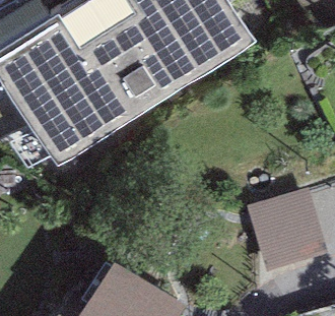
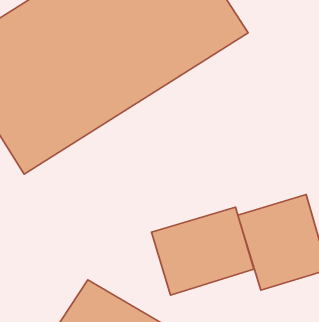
building: none -> [152,207,254,295]

